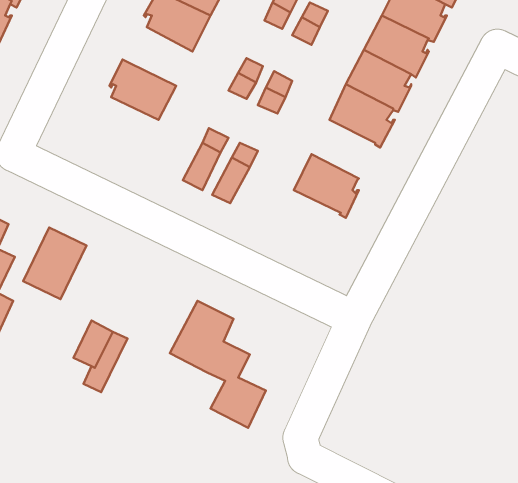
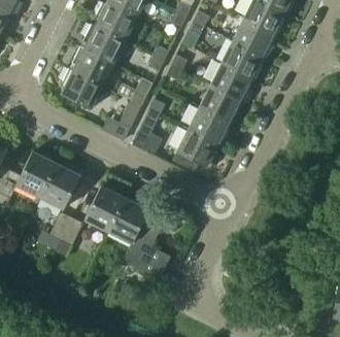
building: none -> [82,24,124,63]
building: none -> [60,68,102,108]
building: none -> [199,85,240,124]
building: none -> [171,129,217,172]
building: none -> [40,164,81,210]
building: none -> [86,187,127,232]

